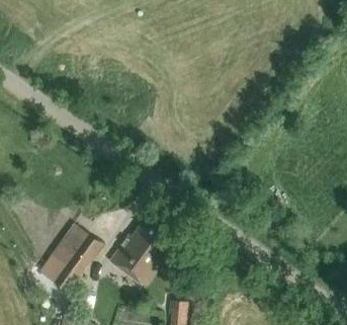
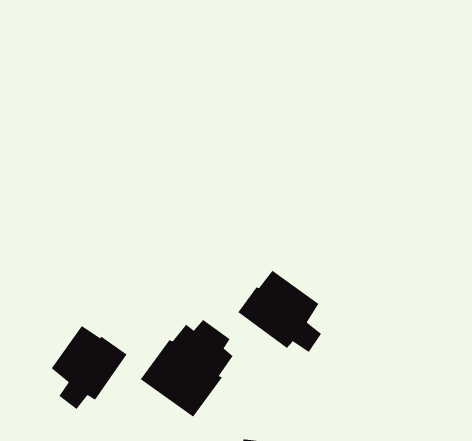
building: none -> [237,270,322,353]

